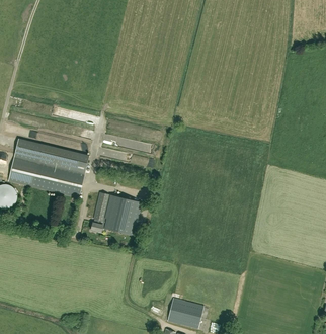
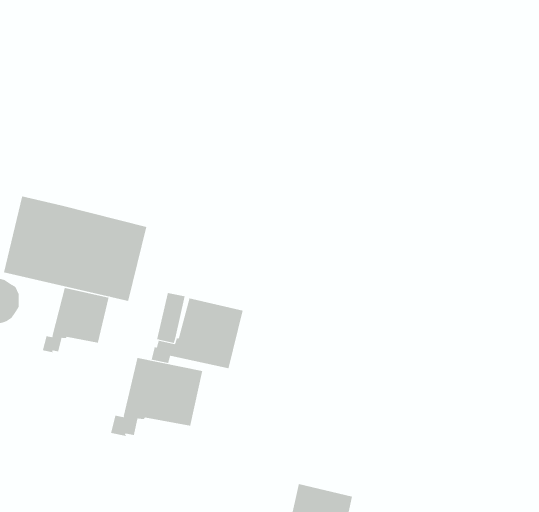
building: none -> [42,287,109,353]
building: none -> [110,357,203,437]

